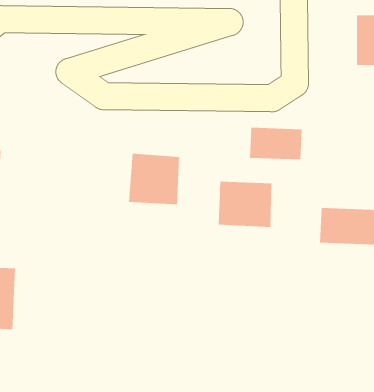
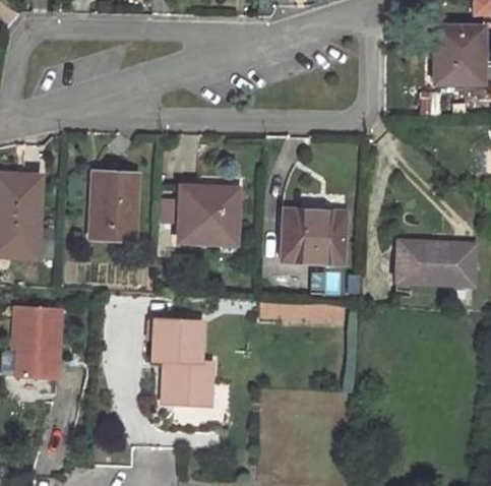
building: [250,127,302,160] -> none
building: none -> [97,169,140,232]
building: none -> [149,320,211,408]

